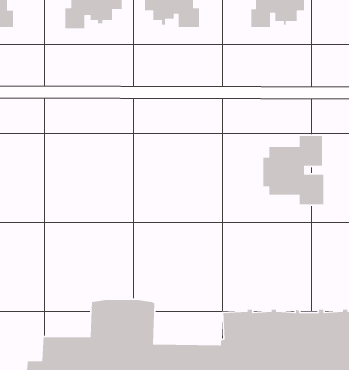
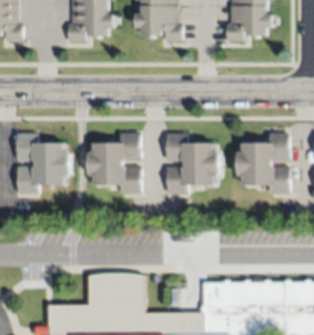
building: none -> [18,132,69,192]
building: none -> [88,132,140,191]
building: none -> [165,133,219,193]

